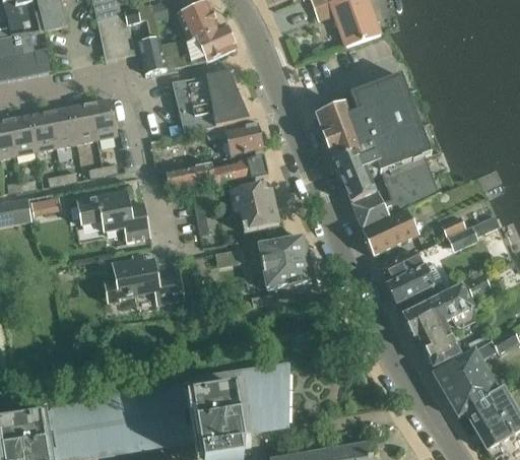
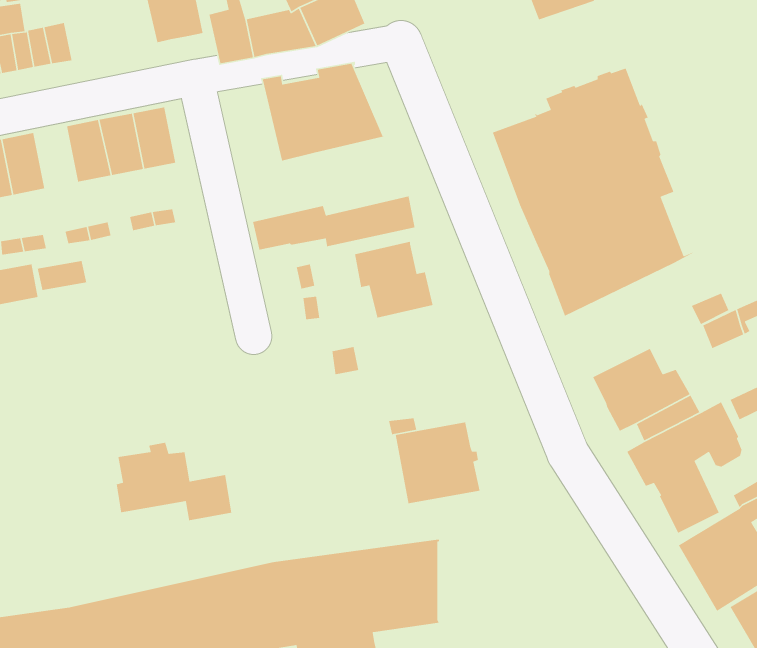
building: [28,111,56,150] -> none
building: [205,118,262,155] -> none
building: [77,189,150,239] -> none
building: [363,210,417,255] -> none
building: [258,236,312,287] -> [395,422,481,504]
building: [111,253,184,303] -> [116,442,232,521]

